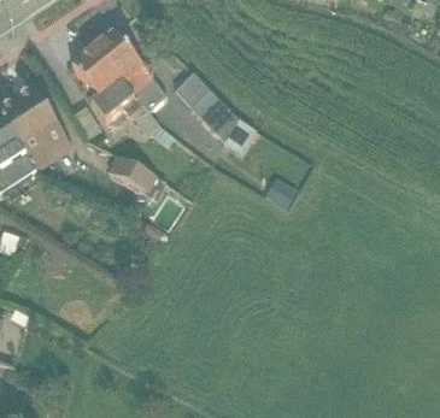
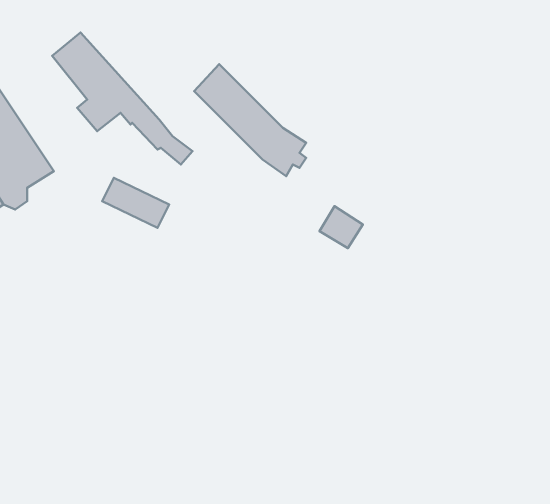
building: [93,33,166,113] -> none

